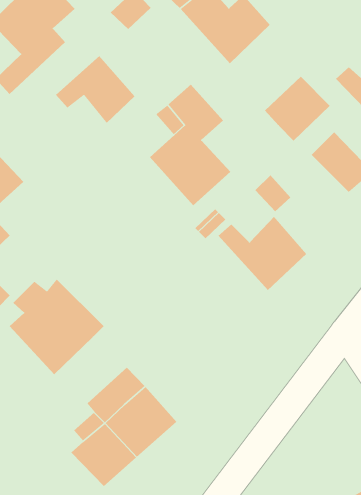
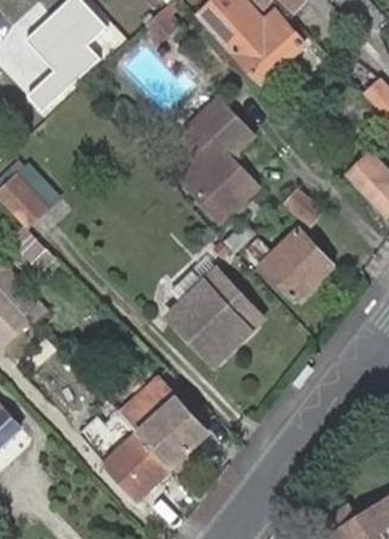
building: [55,55,135,124] -> none
building: [264,76,331,141] -> none
building: [9,278,104,375] -> [166,268,260,363]

